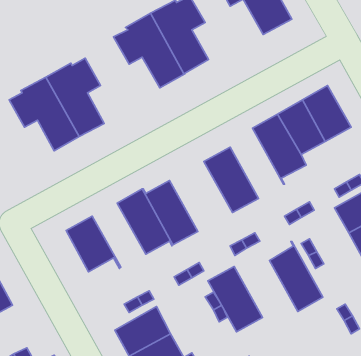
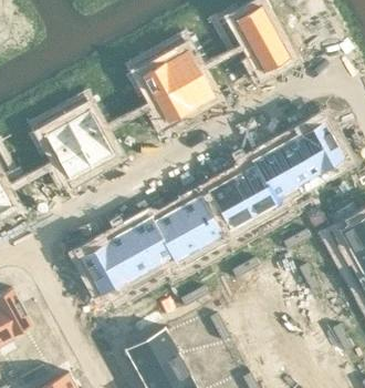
building: none -> [104,229,154,289]
building: [269,241,323,311] -> [232,160,282,225]
building: [208,266,263,332] -> [176,195,227,256]

